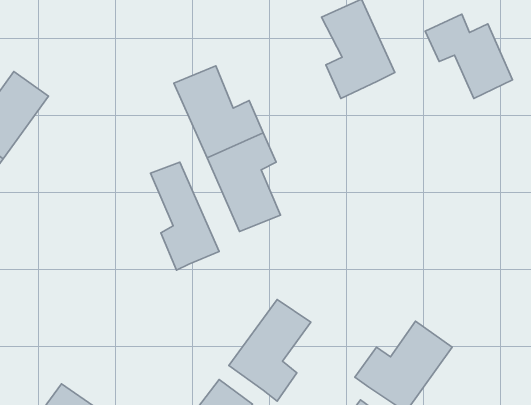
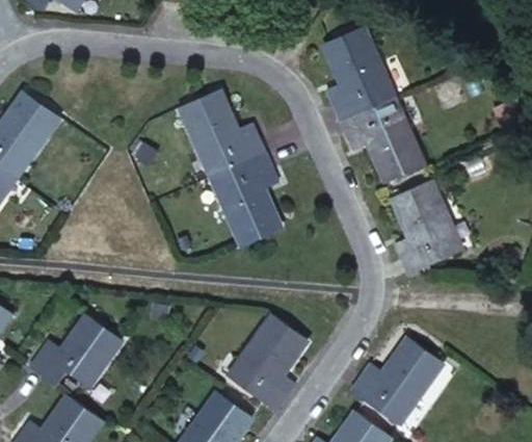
building: [425,14,513,98] -> [339,105,423,186]
building: none -> [390,177,460,272]
building: [150,162,219,270] -> none
building: none -> [29,316,122,387]

